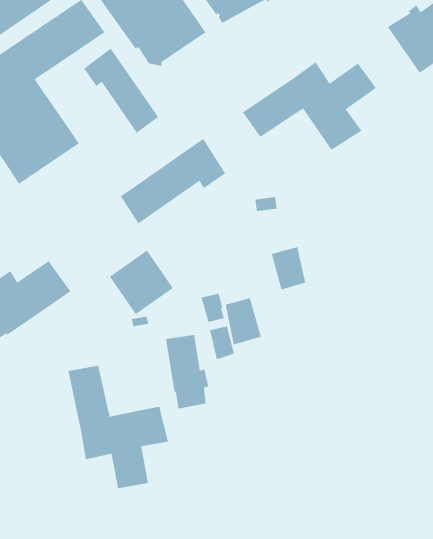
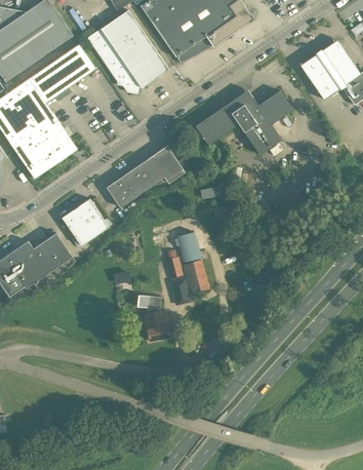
building: [83,48,159,134] -> none
building: [271,246,306,290] -> [173,231,199,263]
building: [109,250,174,315] -> [60,198,108,245]
building: [67,365,169,489] -> none

